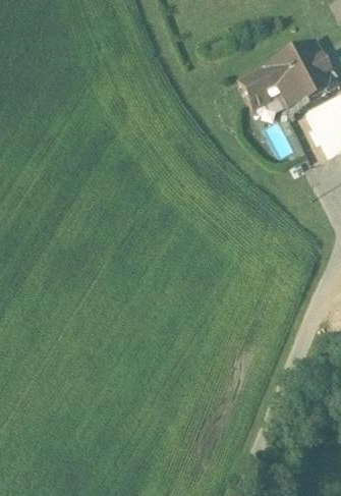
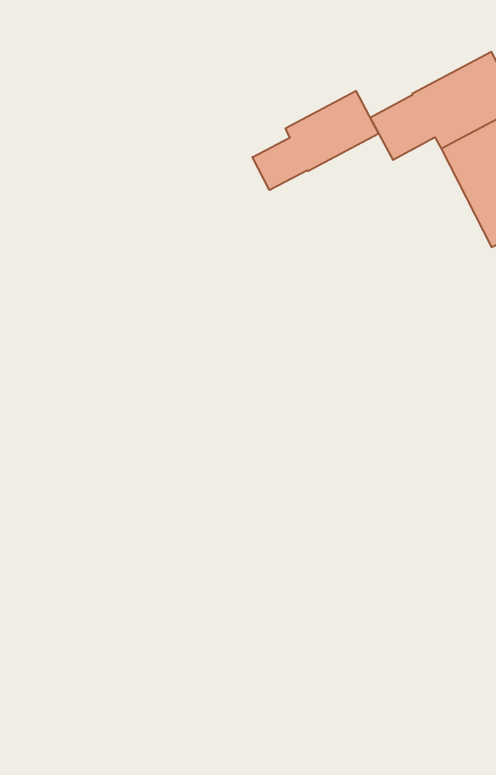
building: none -> [252,91,379,190]

